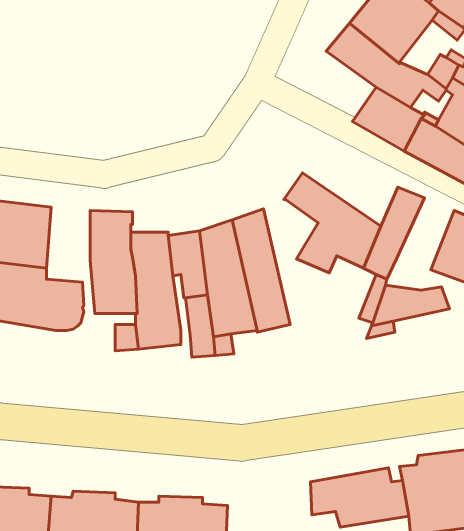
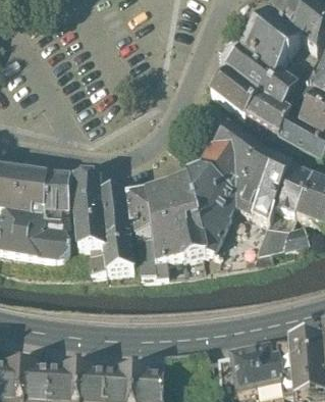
building: none -> [210,70,260,116]
building: none -> [212,129,274,185]
building: none -> [273,166,311,214]
building: none -> [186,167,229,249]
building: none -> [45,172,69,221]

